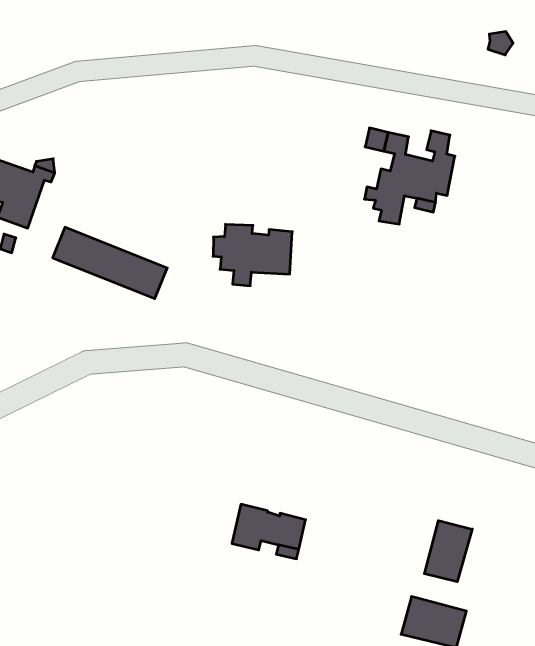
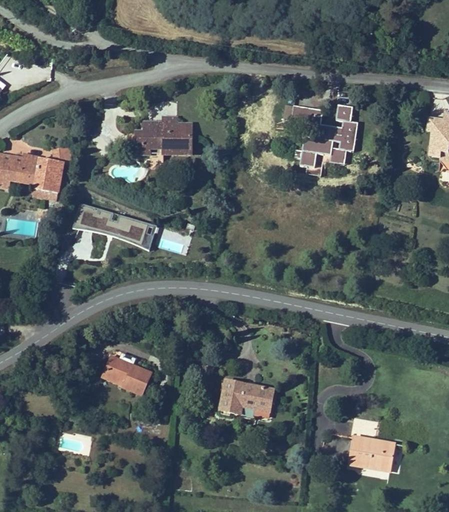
building: [213,224,292,286] -> [129,119,187,163]
building: none -> [103,361,151,398]
building: [424,521,472,582] -> none

